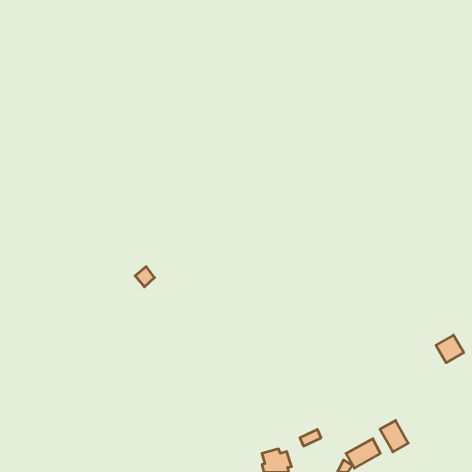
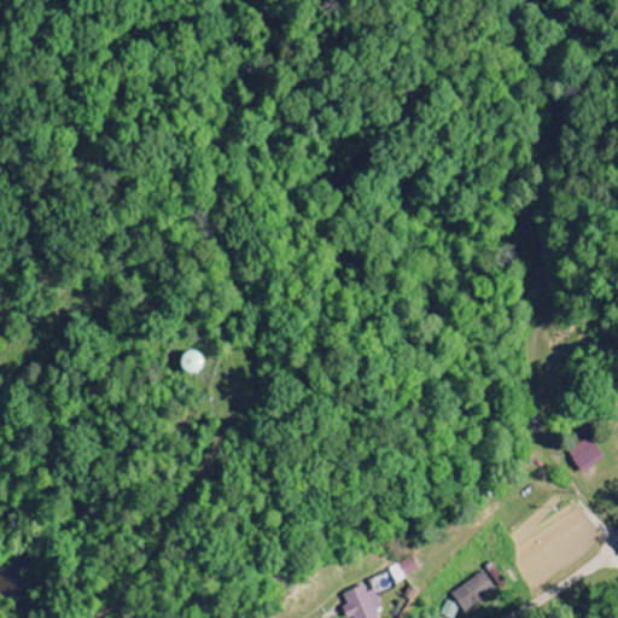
building: [380,420,408,452] -> none

